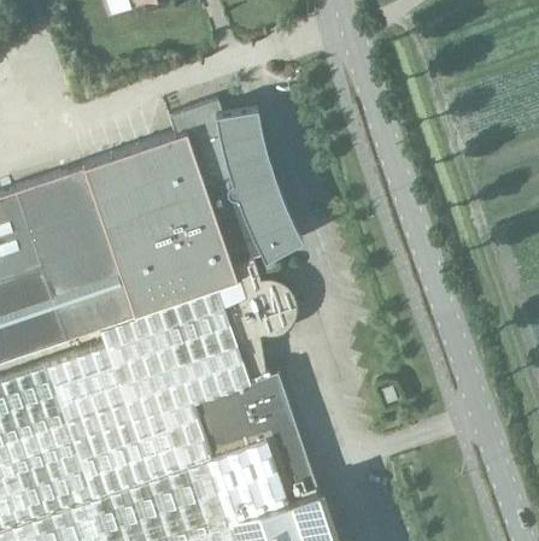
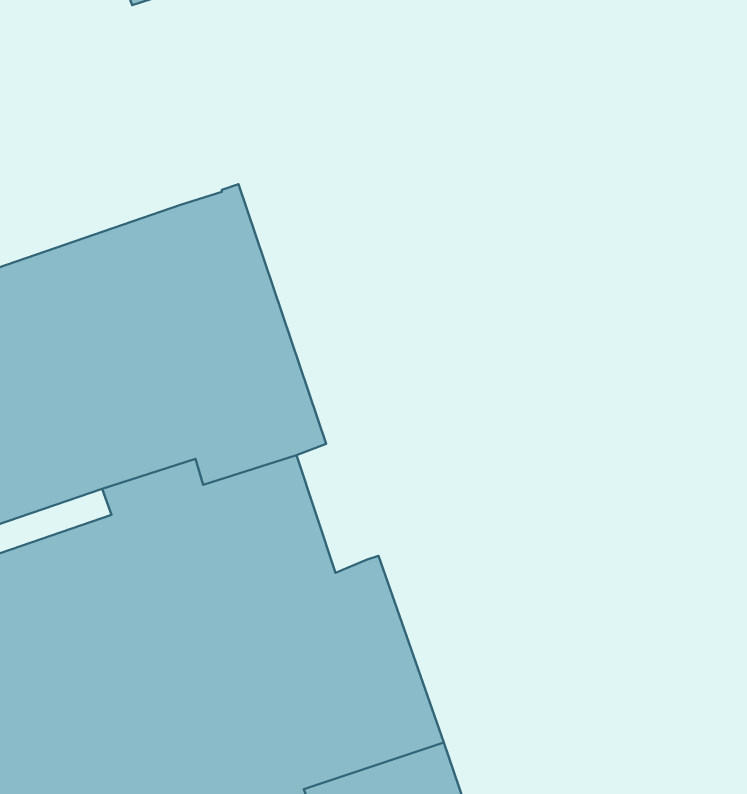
building: [169,104,301,384] -> none

